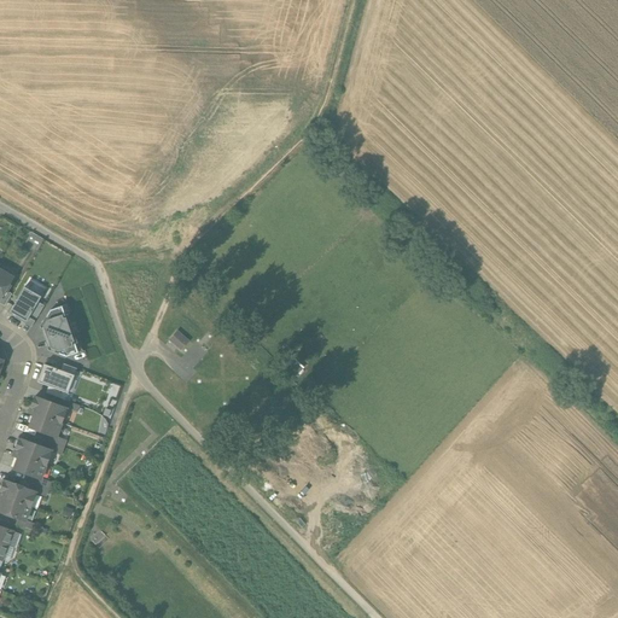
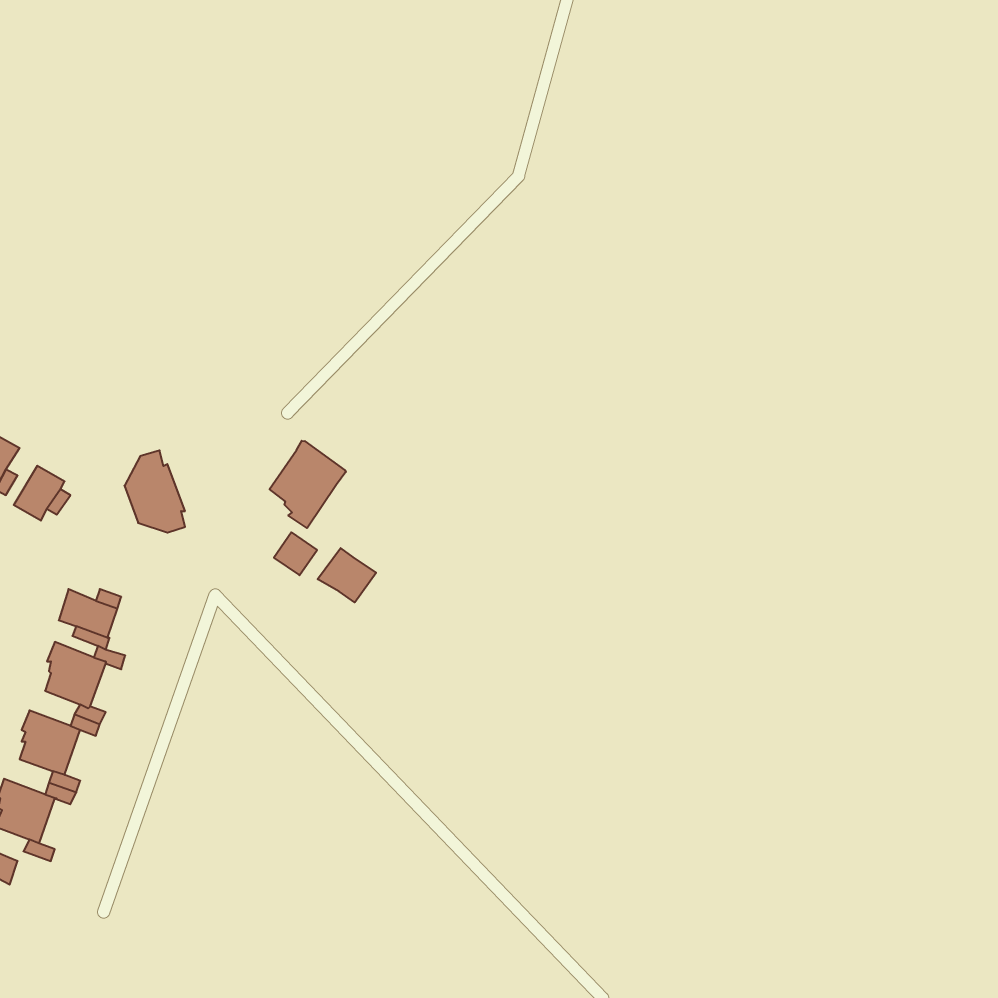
building: none -> [270,441,346,528]
building: [39,305,76,356] -> [124,450,185,533]
building: none -> [318,548,376,602]

